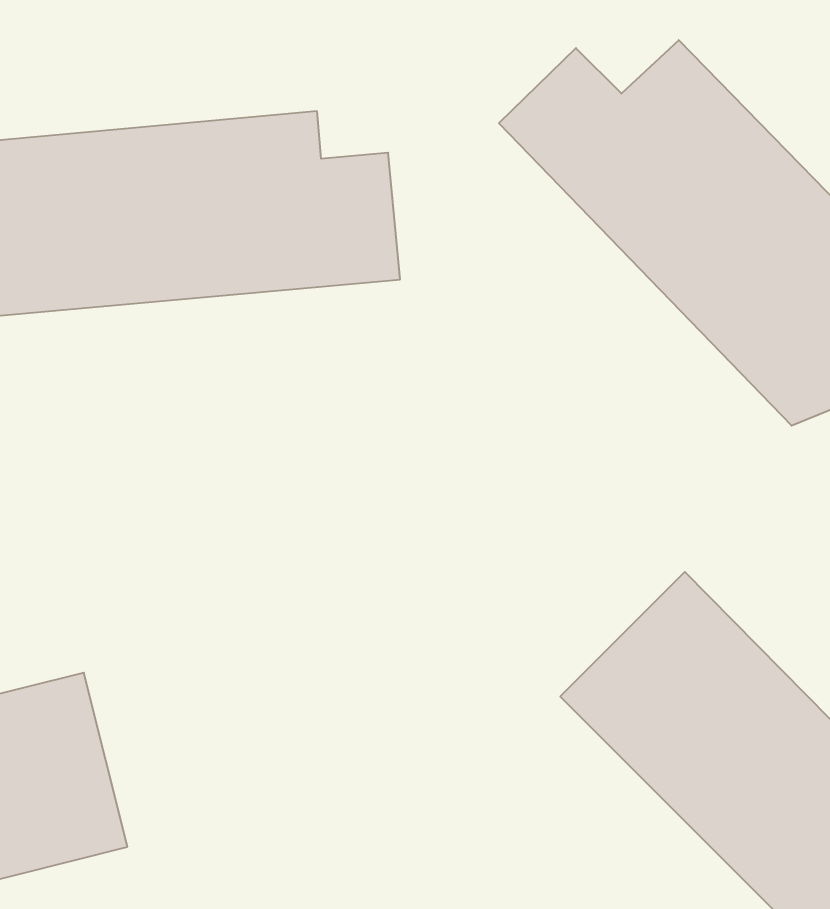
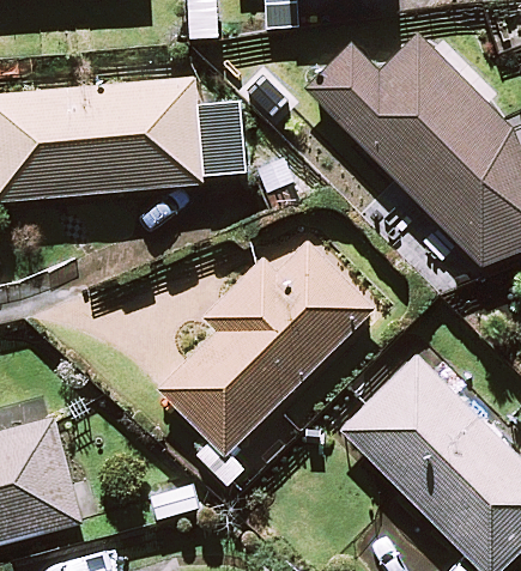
building: none -> [159,227,376,455]

